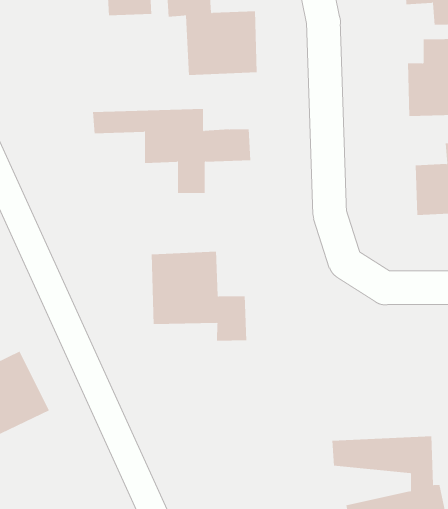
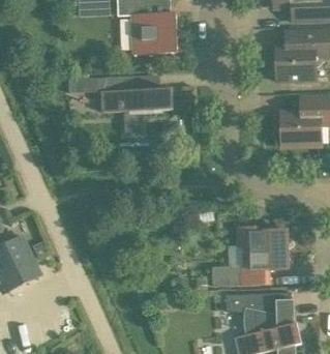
building: [151,251,247,341] -> none
building: none -> [211,226,288,285]

